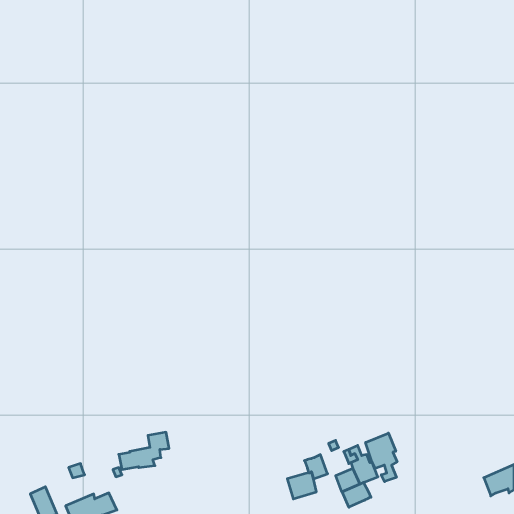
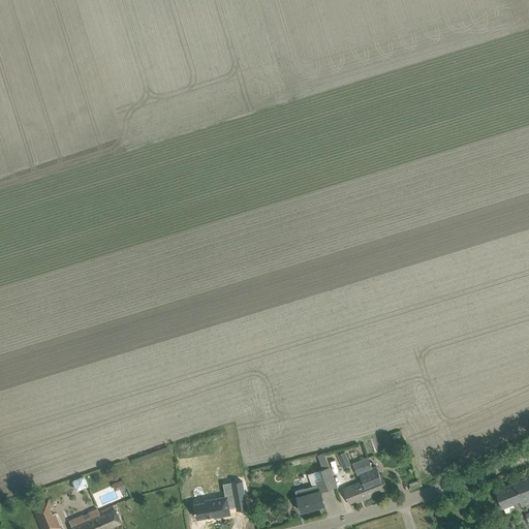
building: [119,432,169,470] -> [193,481,245,520]
building: [366,433,397,482] -> none
building: [342,482,371,507] -> none

